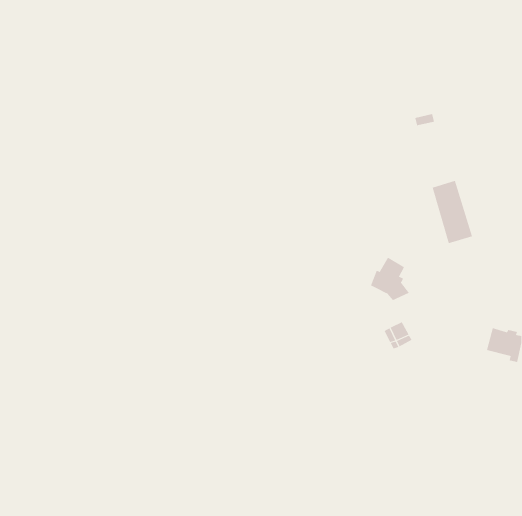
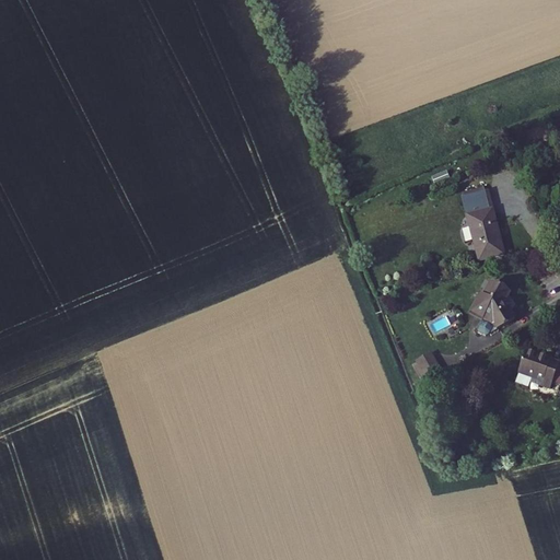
building: [370,257,410,301] -> [474,276,516,323]

